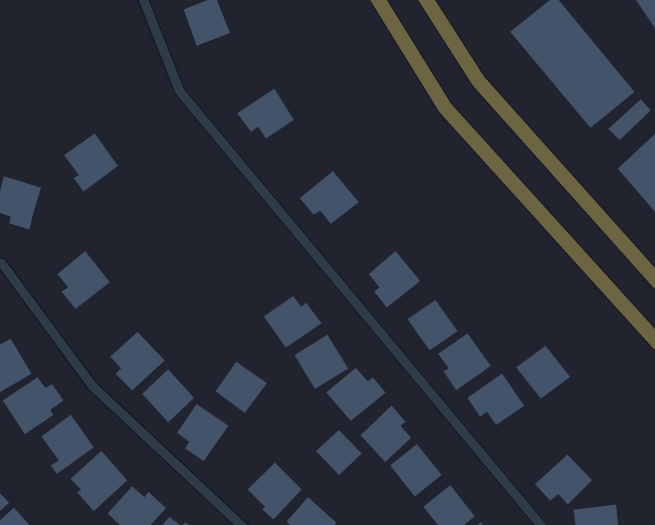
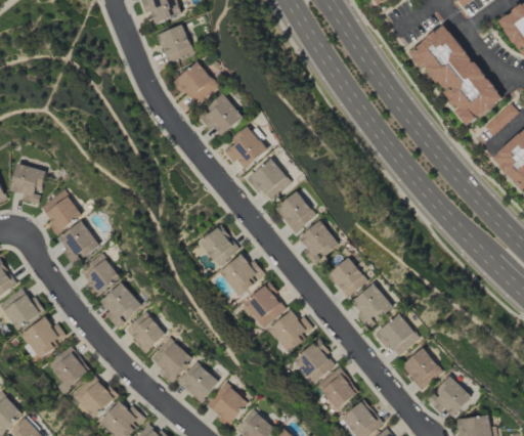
building: none -> [173,61,219,104]
building: none -> [223,127,269,168]
building: [63,133,119,193] -> [42,189,85,235]
building: none -> [276,191,318,233]
building: none -> [199,226,238,266]
building: none -> [80,254,122,297]
building: [515,345,571,399] -> [402,348,445,390]
building: [215,361,268,414] -> [179,362,220,403]
building: [315,429,363,476] -> none

